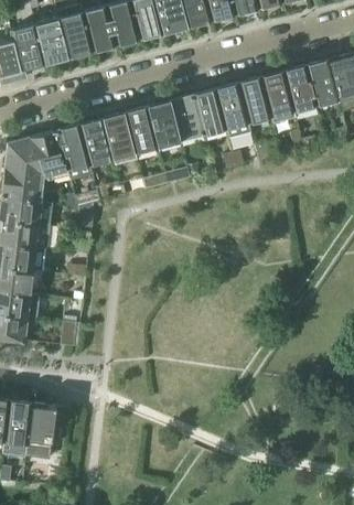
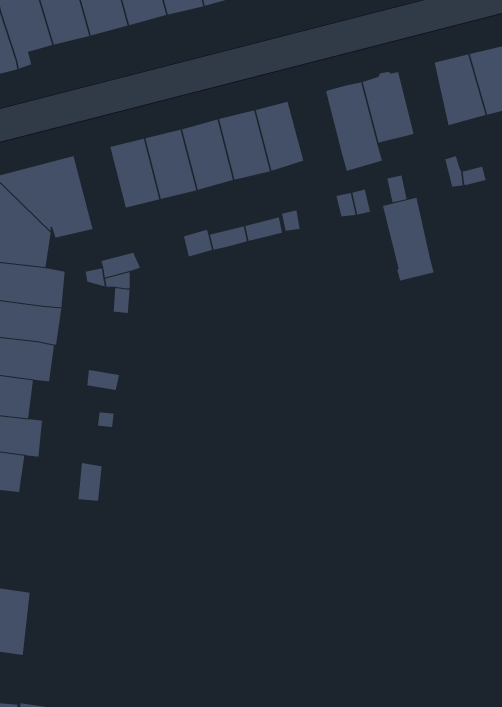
building: [262,72,296,125] -> [382,197,435,281]
building: [193,89,226,133] -> none
building: [58,125,90,169] -> none
building: [26,405,55,453] -> none

